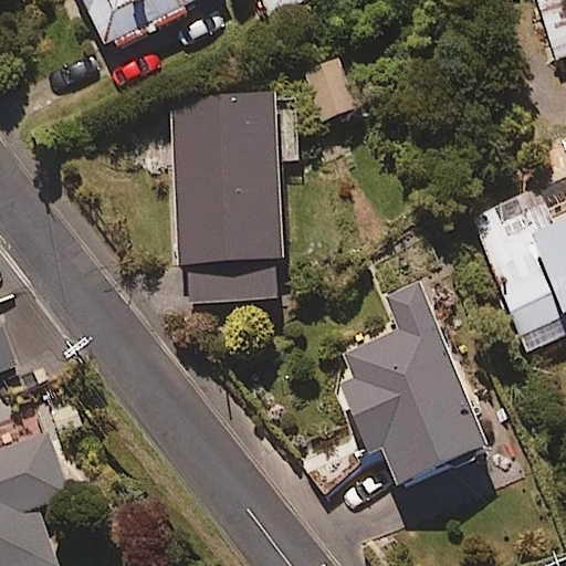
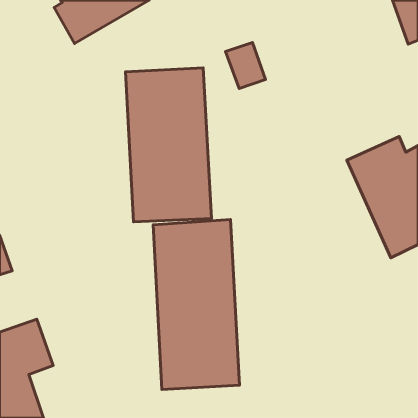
building: [329,282,491,483] -> none
building: none -> [153,220,240,390]

